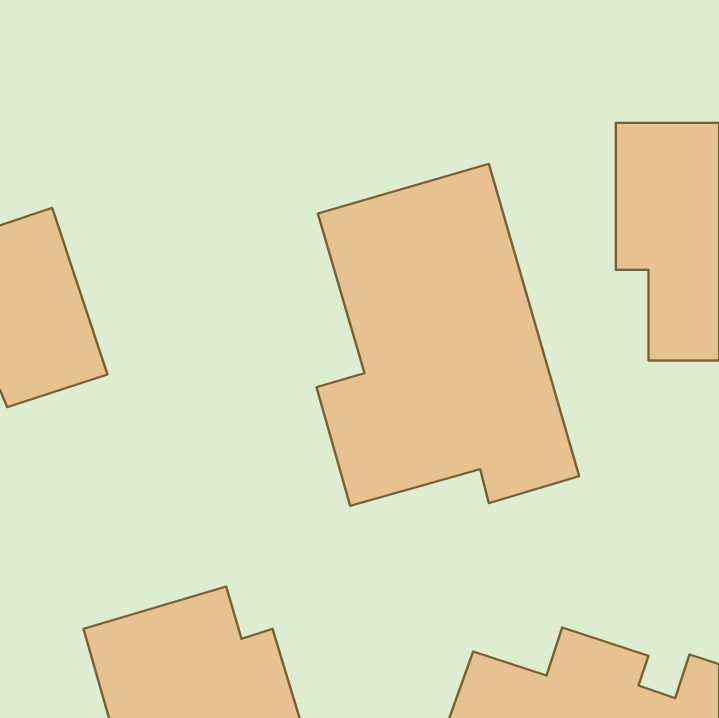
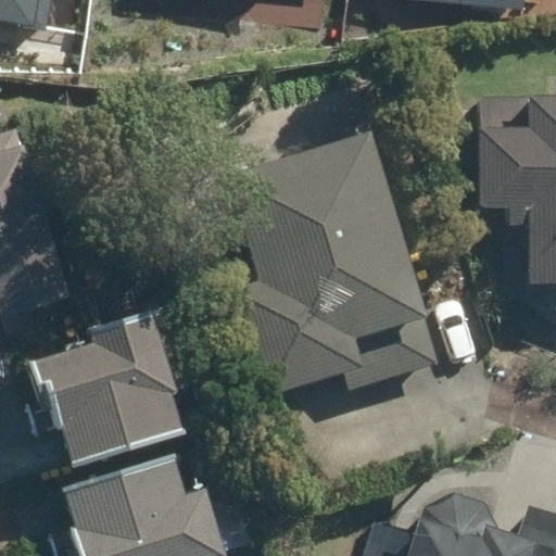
building: none -> [28,323,193,471]

